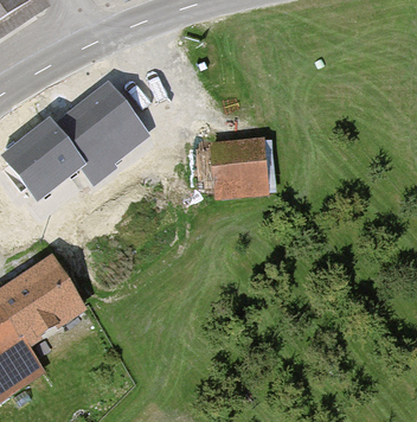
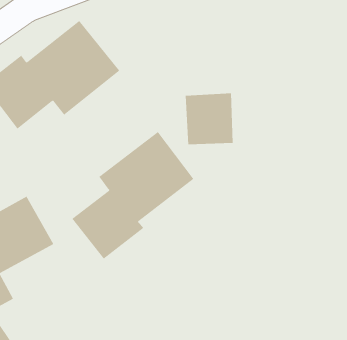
building: none -> [71,131,194,259]

